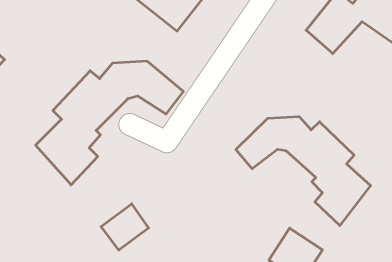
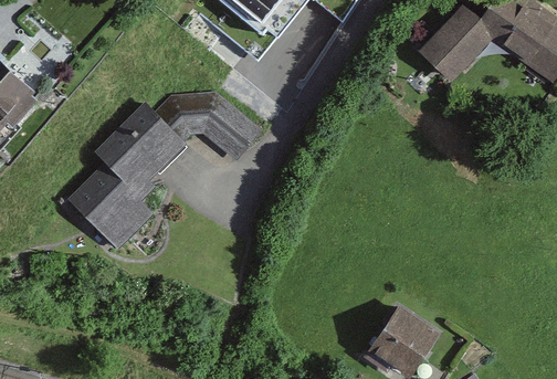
building: [236,117,371,226] -> none
building: [101,204,149,250] -> none

